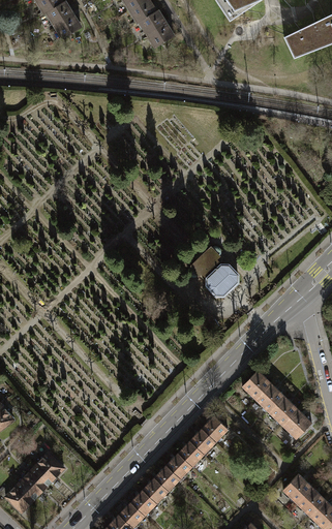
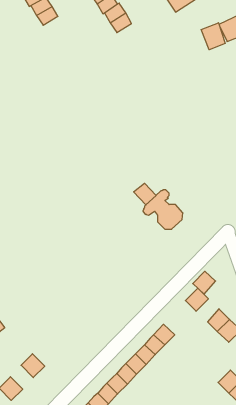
building: none -> [201,23,225,50]
building: none -> [134,183,156,205]
building: [254,383,283,412] -> [193,271,216,294]
building: [20,467,49,497] -> none

